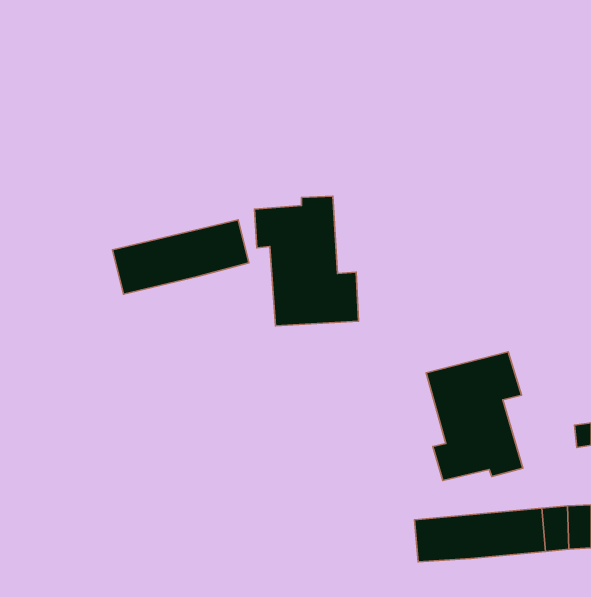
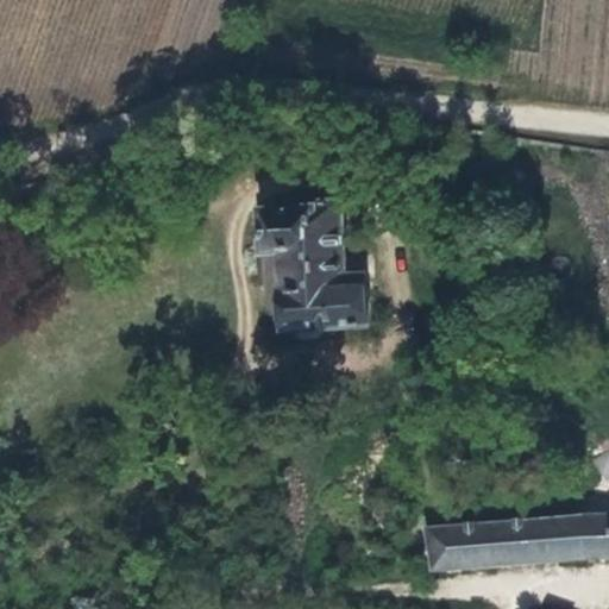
building: [113,220,249,294] -> none
building: [426,352,523,481] -> none

